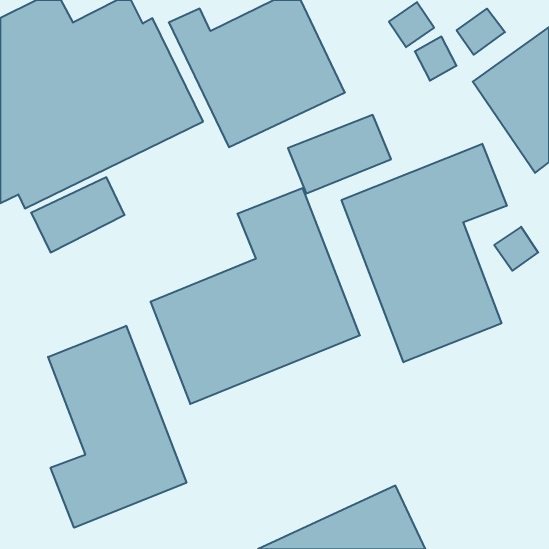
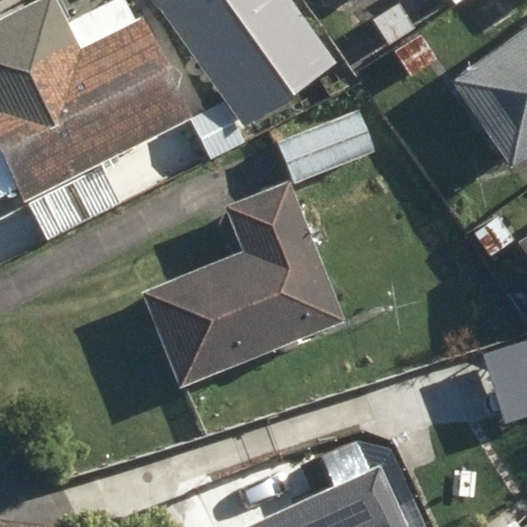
building: [342,144,507,362] -> none
building: [48,326,186,528] -> none

